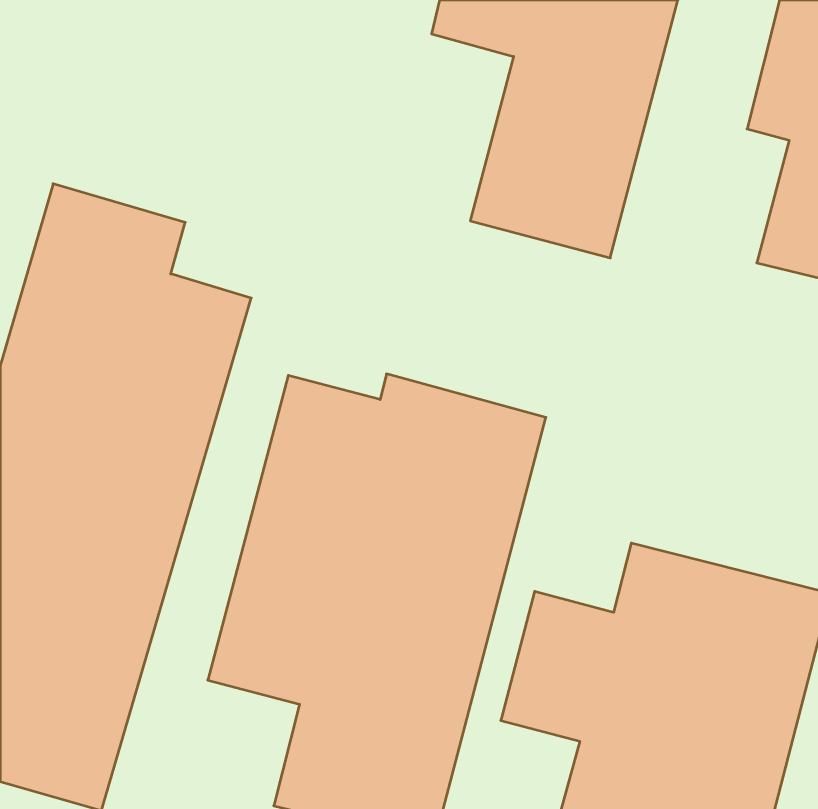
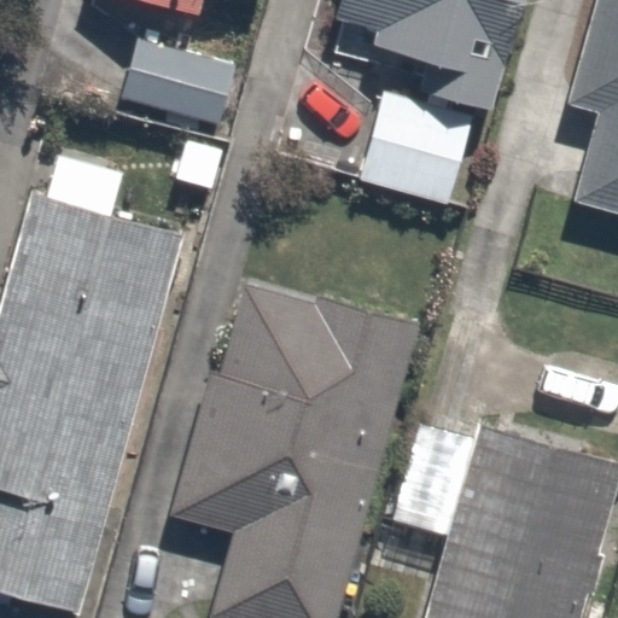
building: none -> [117,34,249,133]

